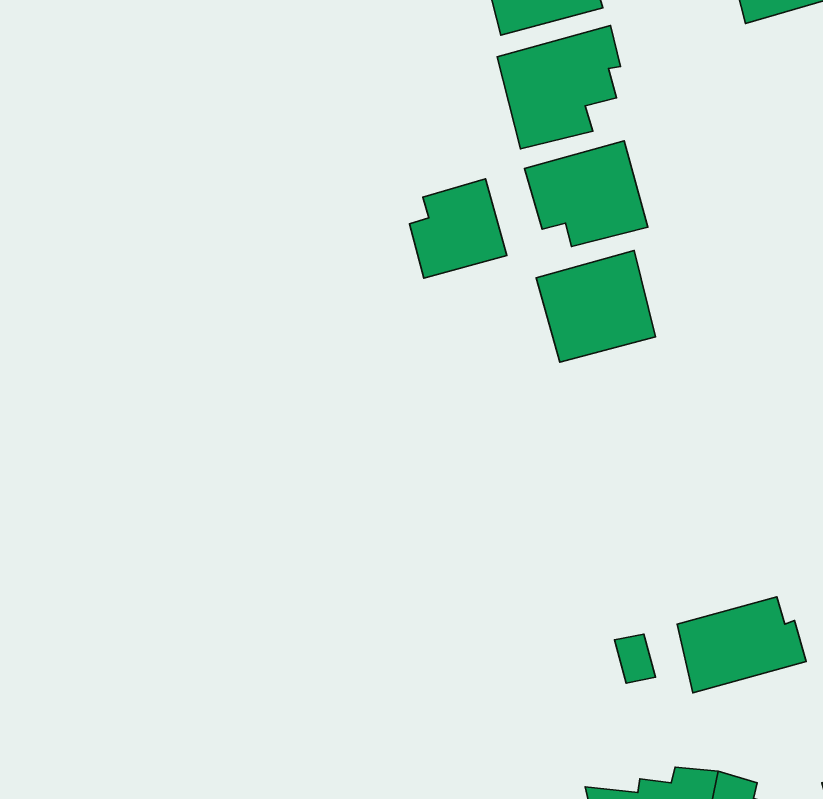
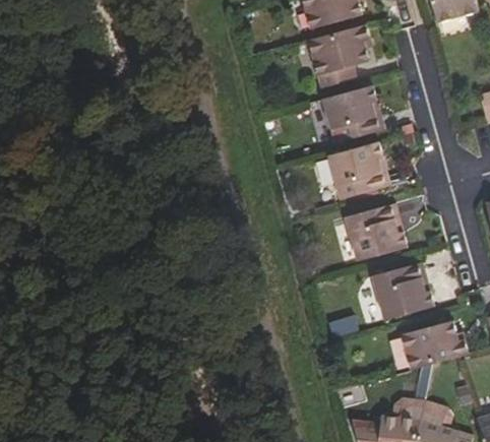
building: [410,179,507,278] -> none
building: none -> [345,203,407,261]
building: none -> [371,262,434,320]

